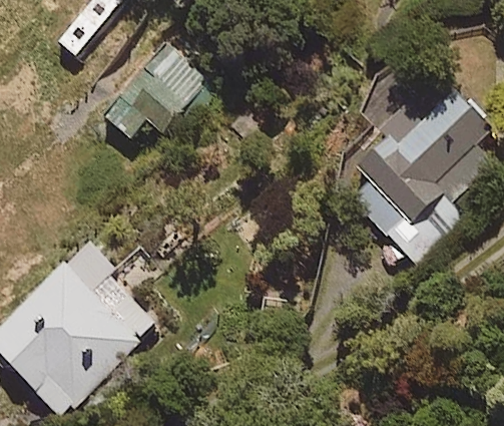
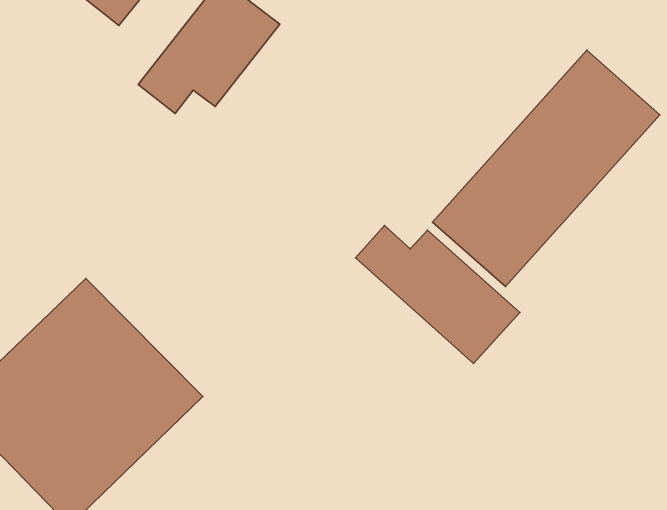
building: none -> [355,225,520,364]

